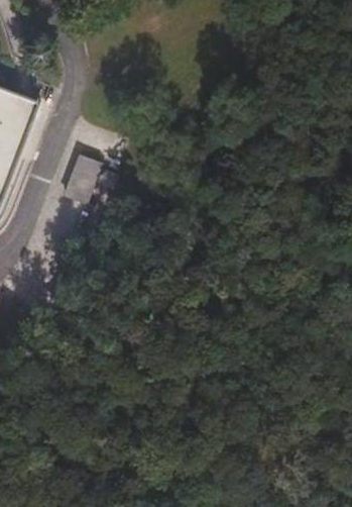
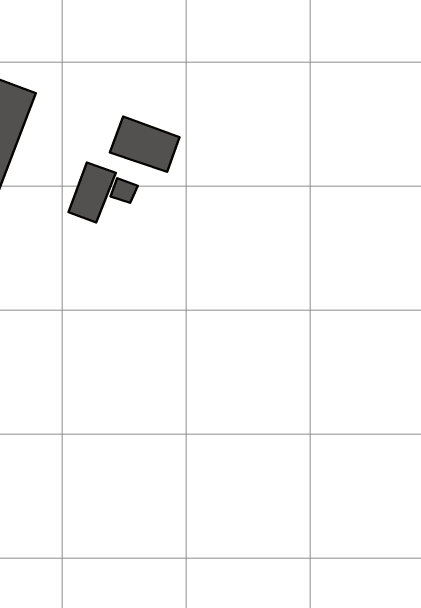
building: none -> [110,116,179,172]

